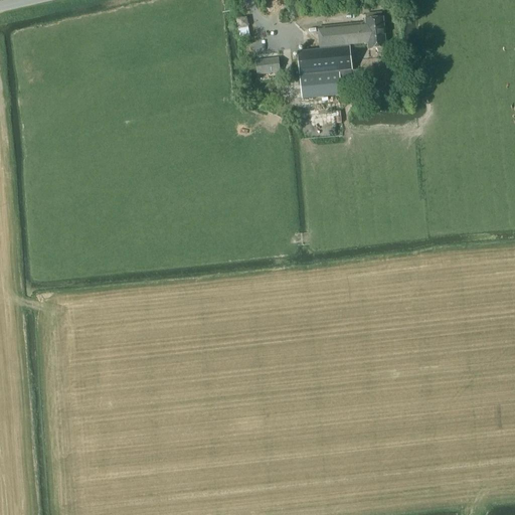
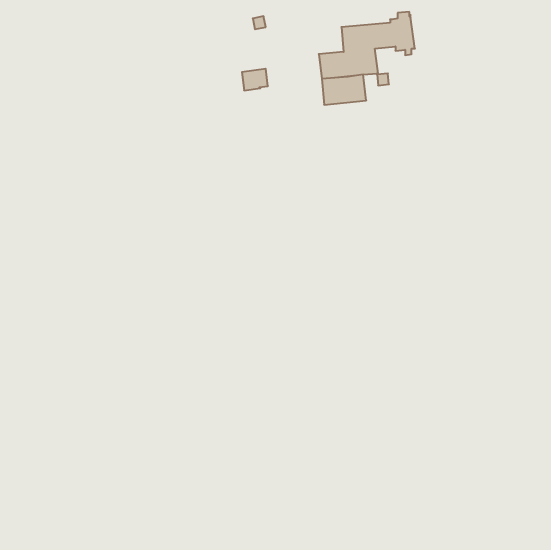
building: [254,56,279,76] -> [242,69,268,90]

